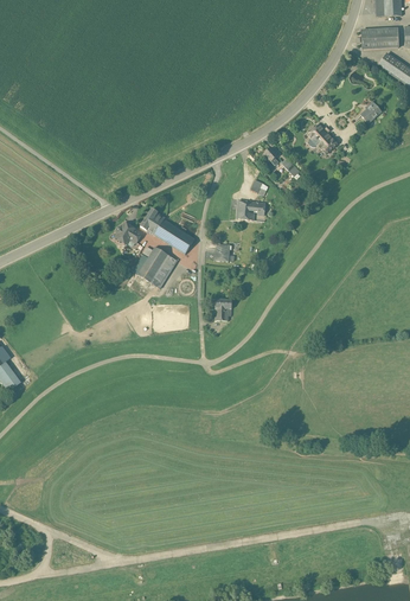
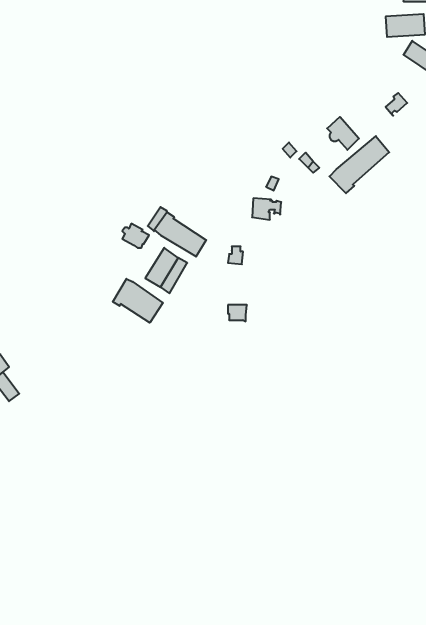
building: none -> [329,136,389,193]
building: none -> [113,279,163,323]

